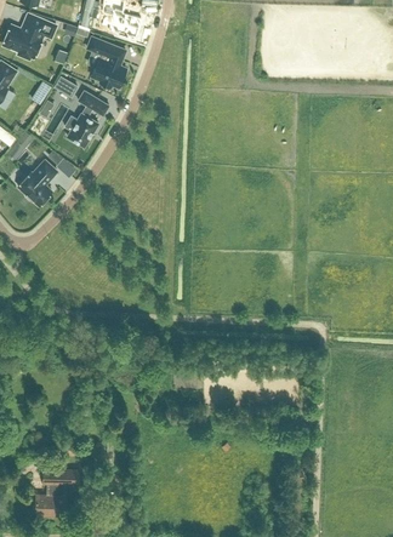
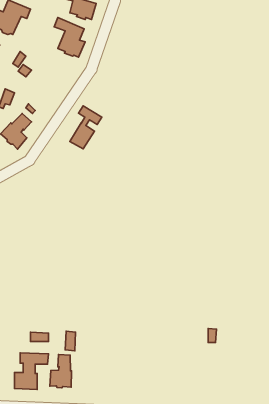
building: [67,91,108,147] -> [70,106,102,149]
building: none -> [50,355,72,388]

